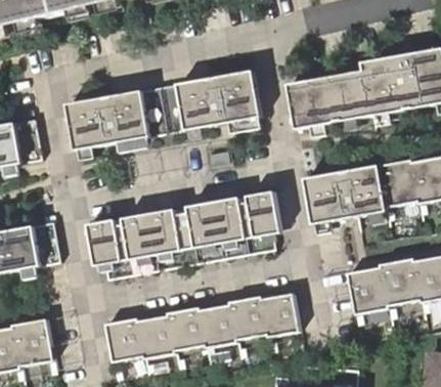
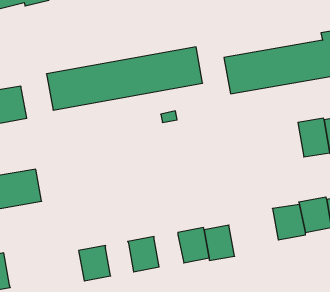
building: [303,164,385,222] -> none
building: [86,190,281,280] -> none
building: [199,304,235,347] -> none
building: [138,314,174,358] -> none
building: [11,318,52,367] -> none

